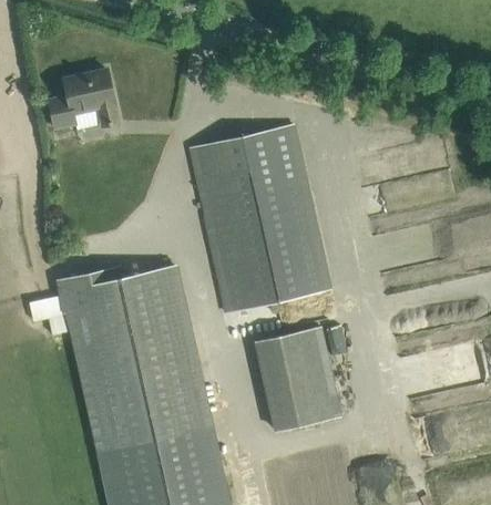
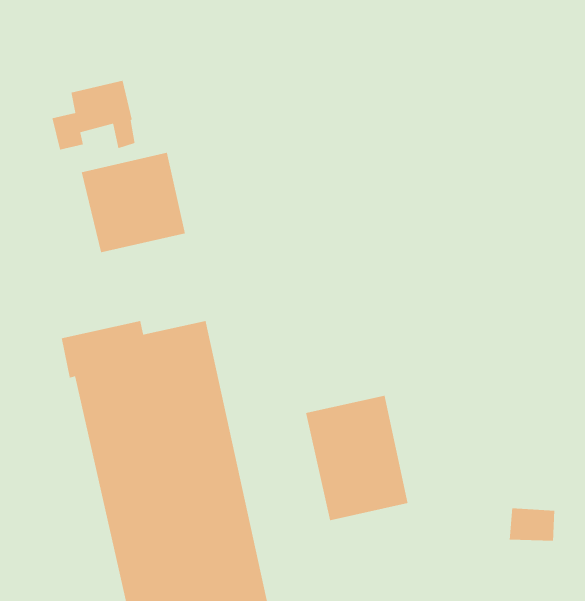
building: [190,125,330,312] -> none
building: none -> [81,152,186,253]

